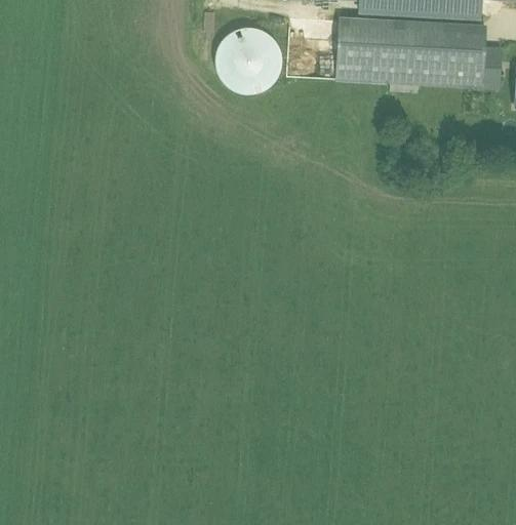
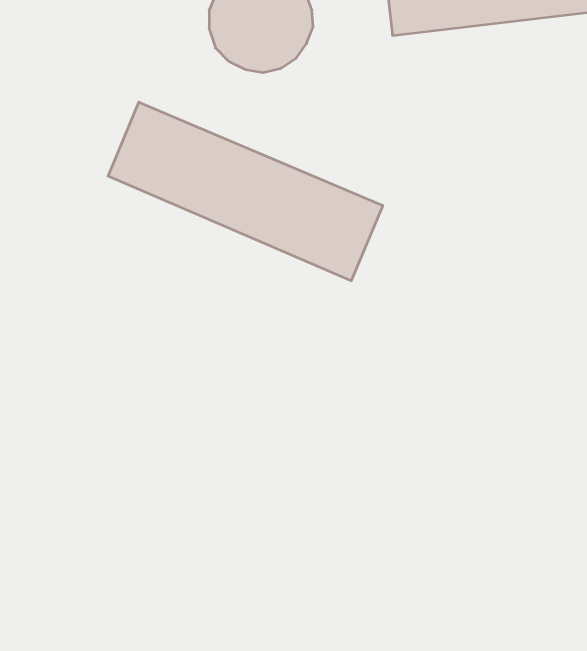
building: none -> [108,102,383,281]

